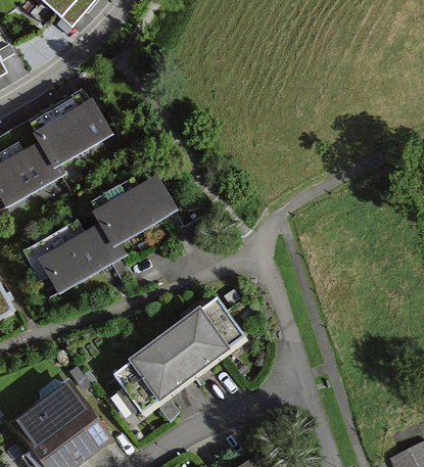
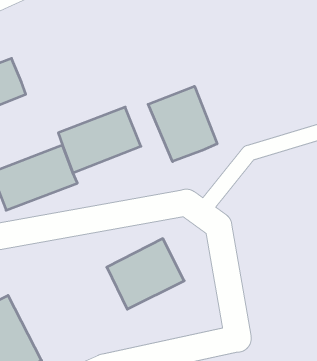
building: [34,104,105,167] -> none
building: none -> [148,86,217,162]
building: [114,334,192,408] -> none

